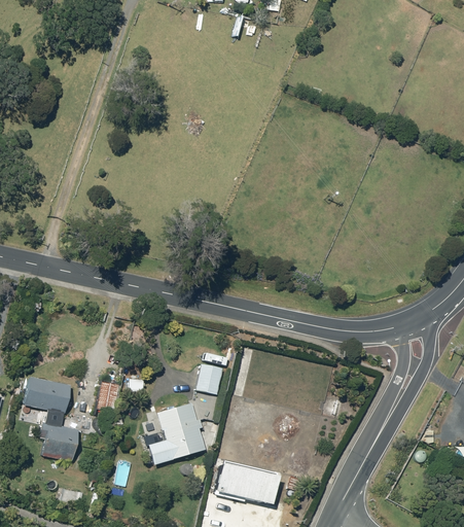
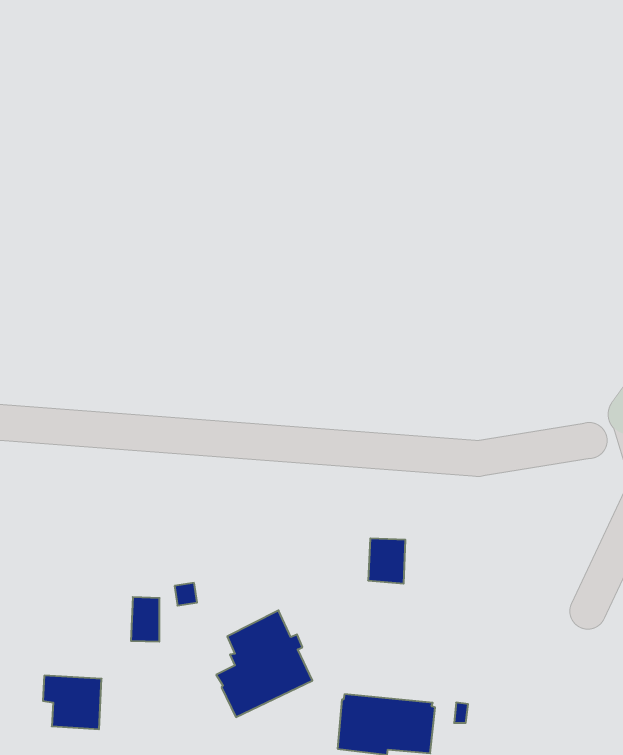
building: [197,363,223,394] -> [368,538,405,584]
building: [24,377,70,413] -> none

